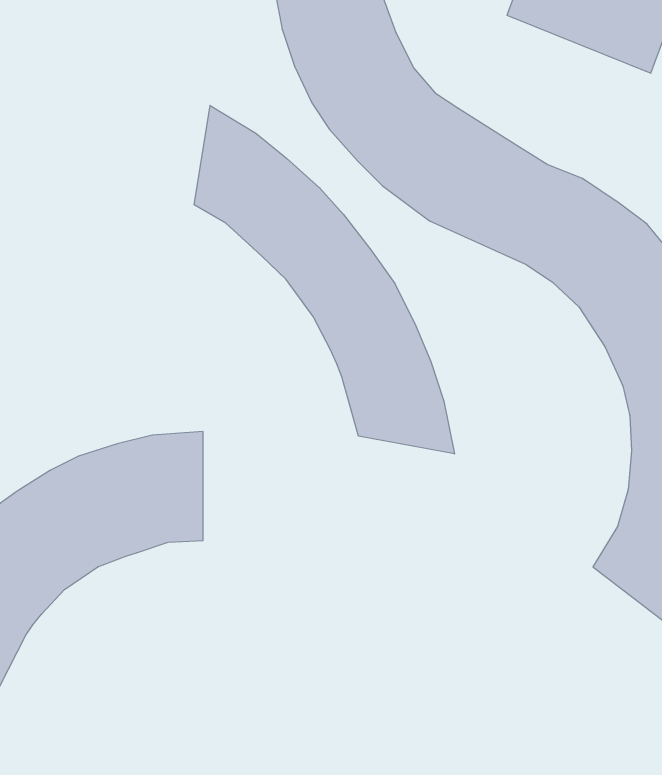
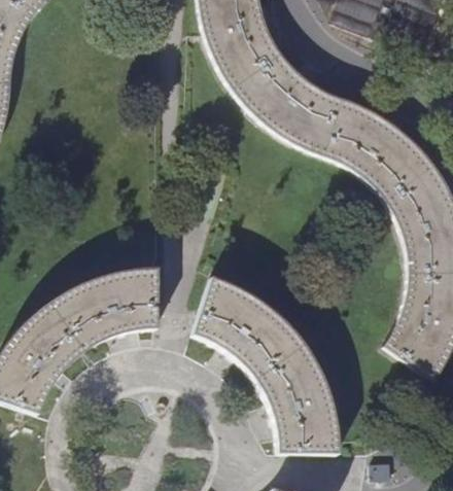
building: [194,105,454,454] -> none
building: none -> [191,273,341,449]

